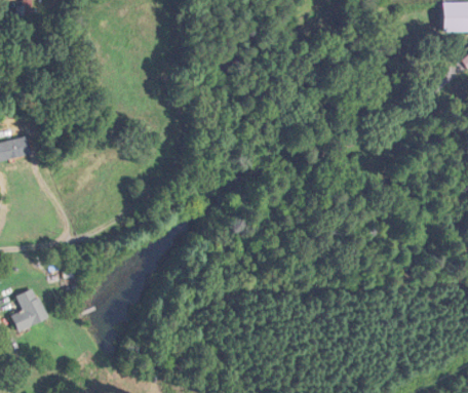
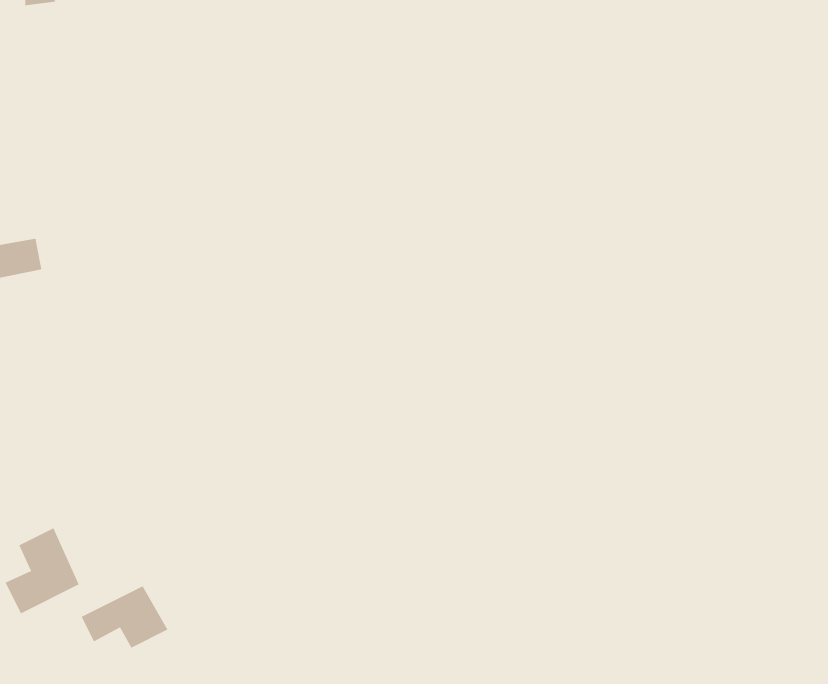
building: none -> [81,586,168,648]

